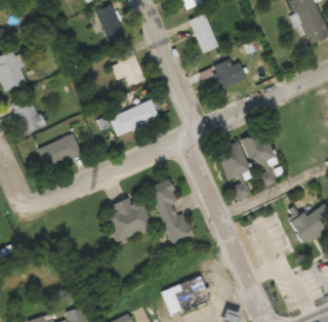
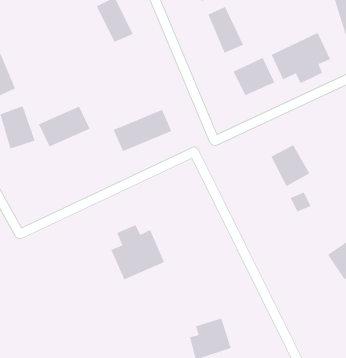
building: none -> [271,32,331,84]
building: [114,47,146,87] -> none
building: [37,134,81,169] -> [38,106,90,147]
building: [217,145,248,178] -> none
building: [148,179,192,244] -> none

